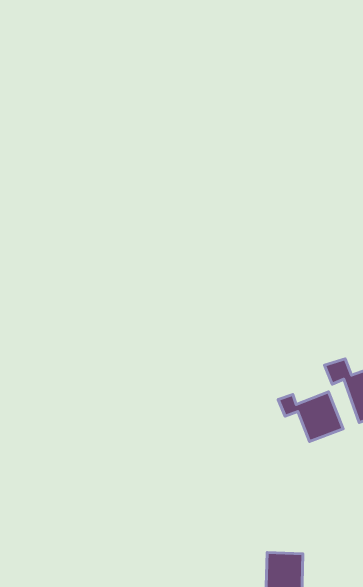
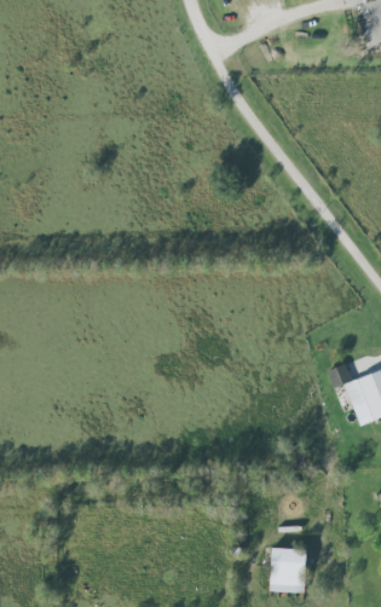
building: [278,392,343,442] -> none

